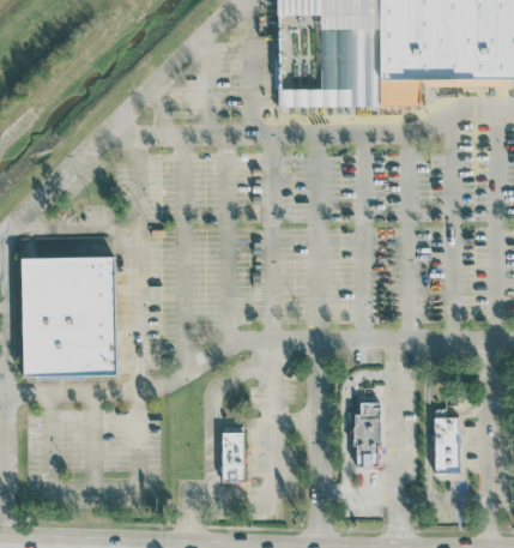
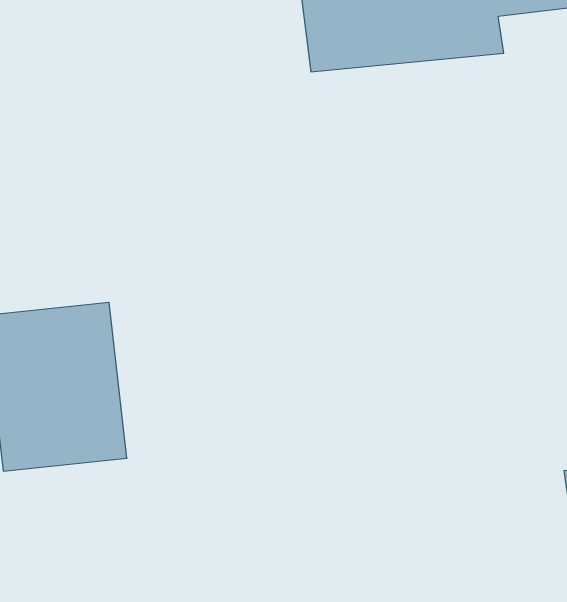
building: [357,389,382,453] -> none
building: [220,435,246,484] -> none

